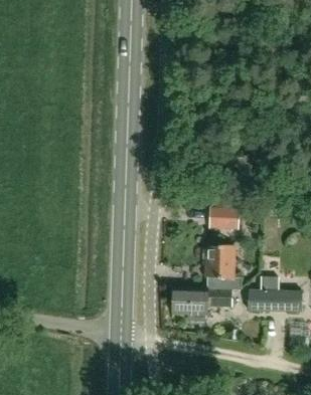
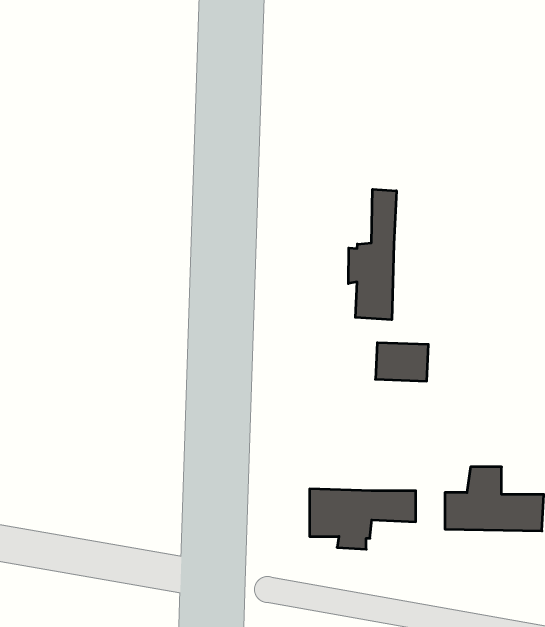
building: none -> [348,189,396,320]
building: [205,245,241,289] -> none

